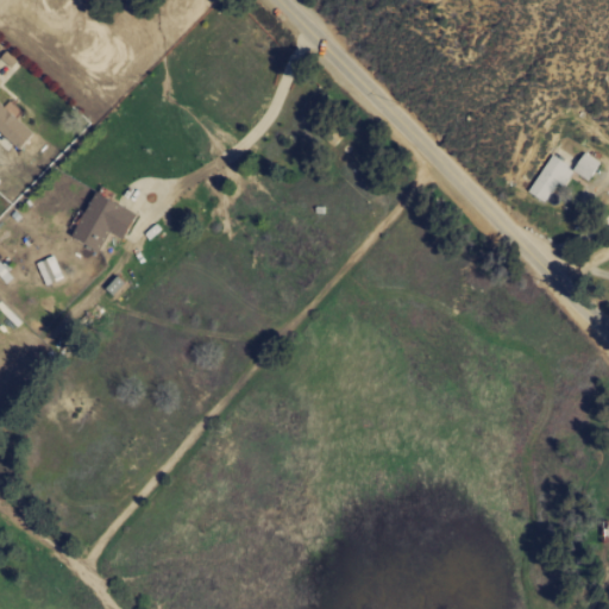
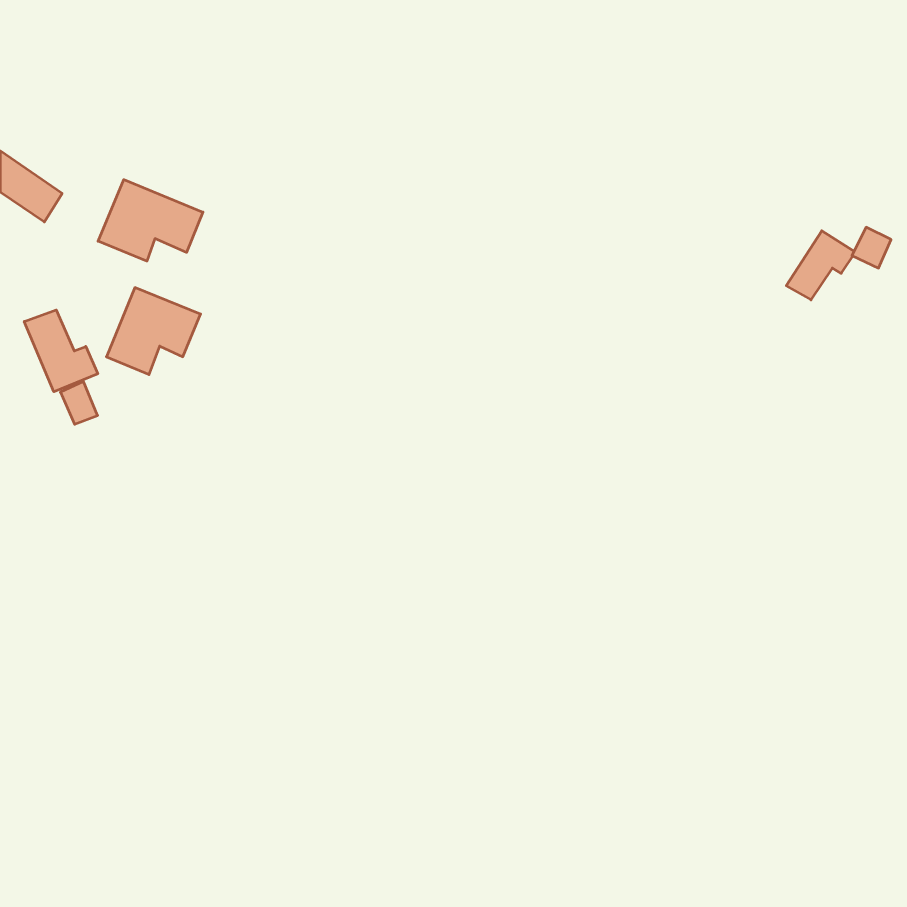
building: none -> [98,180,203,261]
building: none -> [24,310,98,392]

